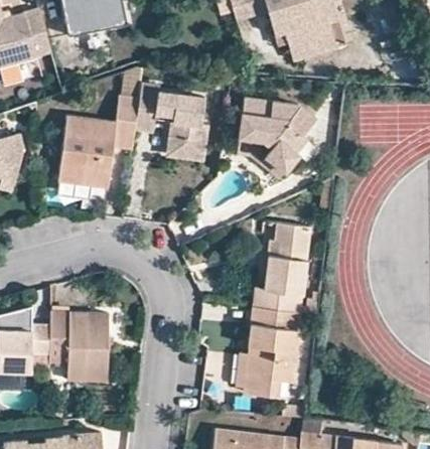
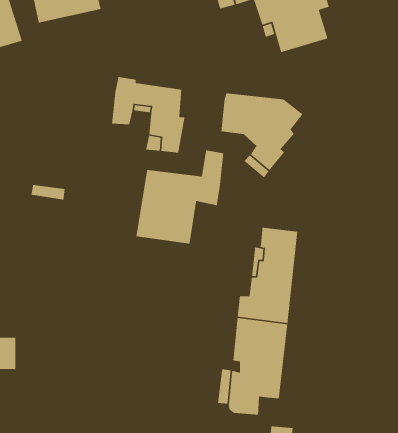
building: [58,97,140,184] -> [136,150,224,244]
building: [48,312,111,382] -> none

